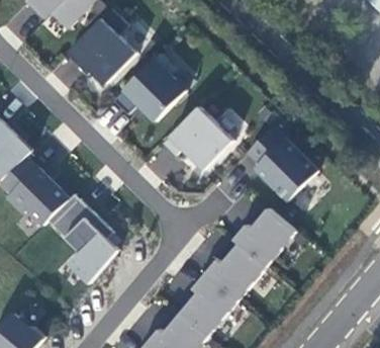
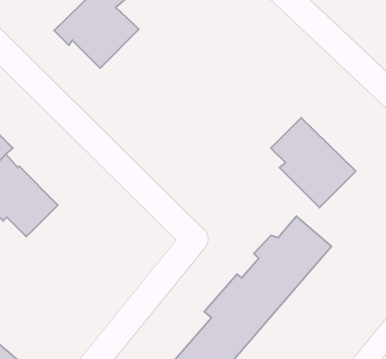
building: [113,52,186,119] -> none
building: [163,105,232,169] -> none
building: [48,193,118,283] -> none

